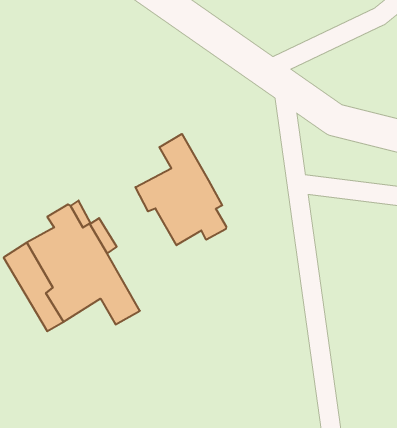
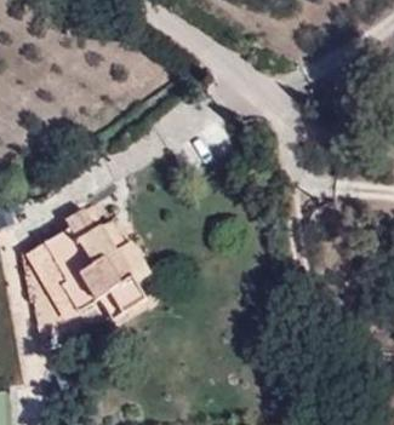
building: [135,134,226,245] -> none

